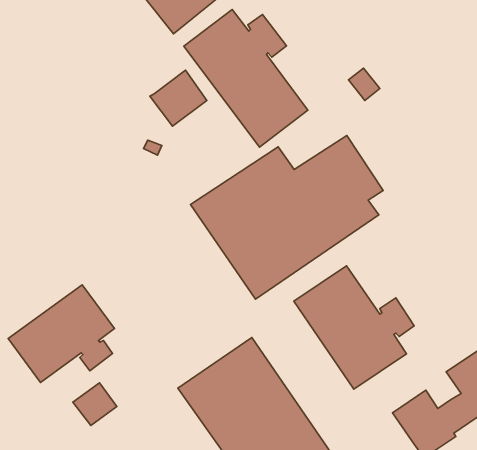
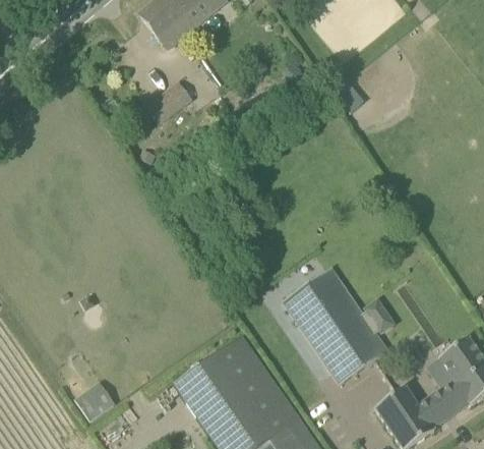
building: [184,9,308,147] -> none
building: [190,135,383,299] -> none
building: [8,285,114,382] -> none

